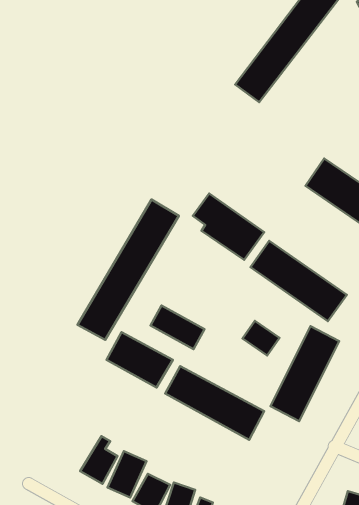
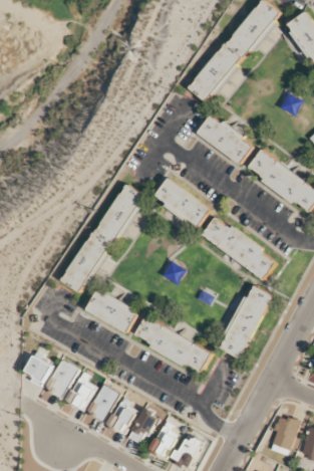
building: none -> [197,112,256,166]
building: [151,306,205,349] -> none
building: [243,321,280,356] -> none
building: none -> [26,356,52,386]
building: none -> [46,361,77,397]

